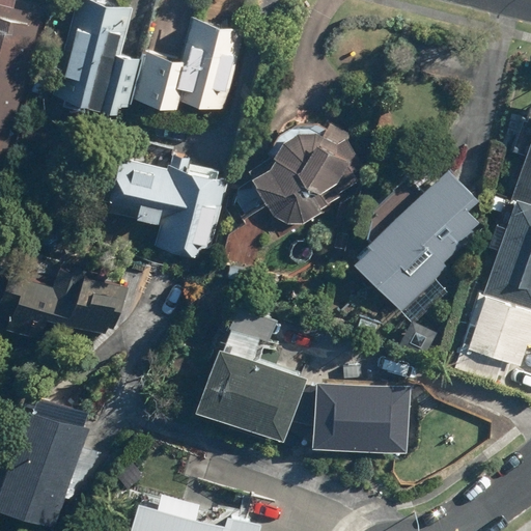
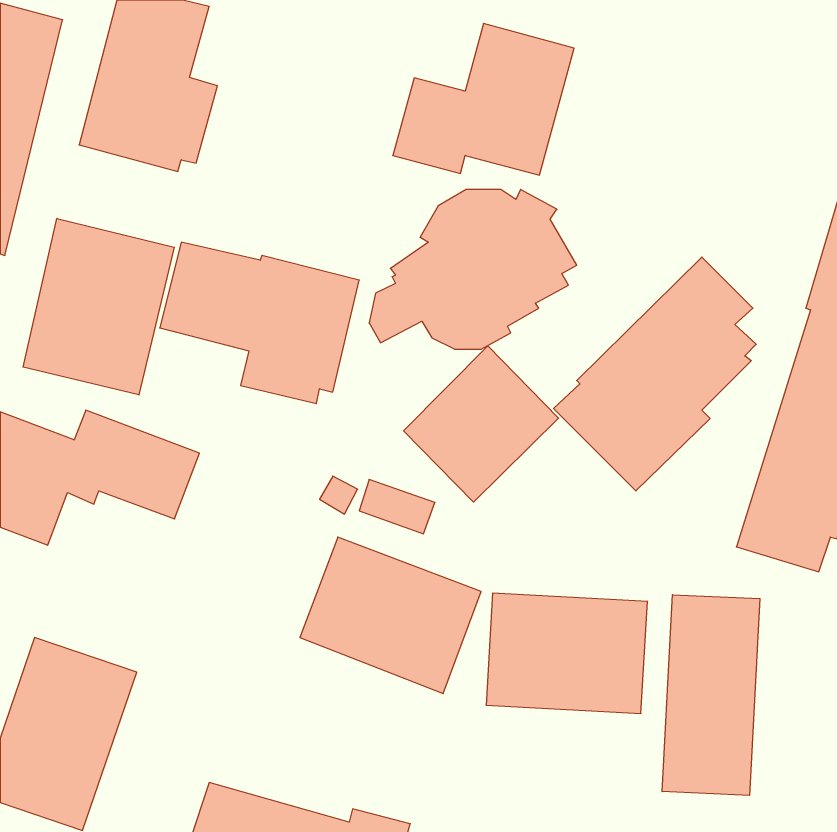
building: [134,17,248,112] -> [393,24,574,175]
building: none -> [23,218,174,395]
building: none -> [404,346,559,502]
building: none -> [662,595,760,795]

